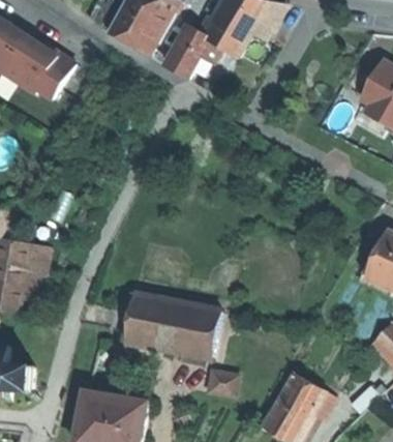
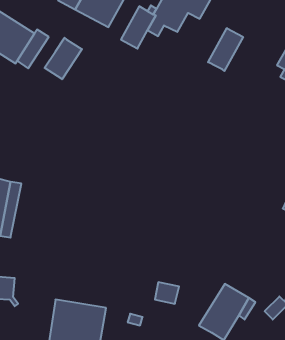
building: none -> [208,28,243,71]
building: none -> [45,38,82,79]
building: [124,292,220,356] -> none

